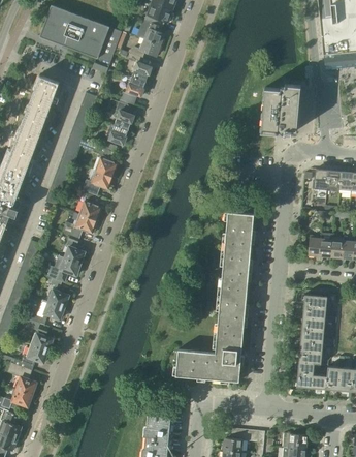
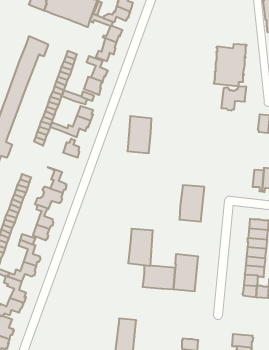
building: none -> [222,86,246,111]
building: [224,211,253,255] -> [127,116,152,153]
building: [62,214,98,238] -> none
building: [216,295,246,339] -> [128,229,153,266]

